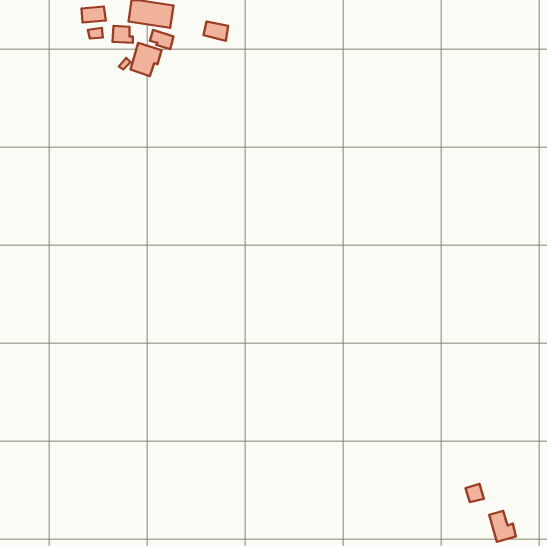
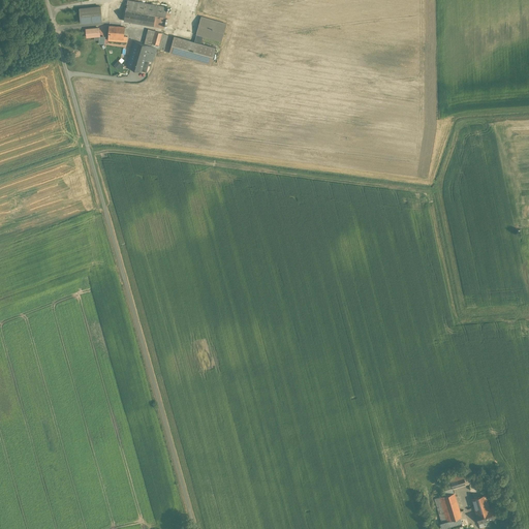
building: none -> [169,38,216,65]
building: none -> [439,491,462,520]

